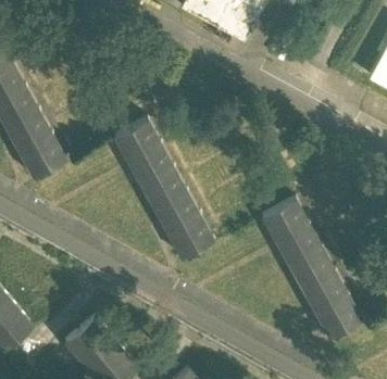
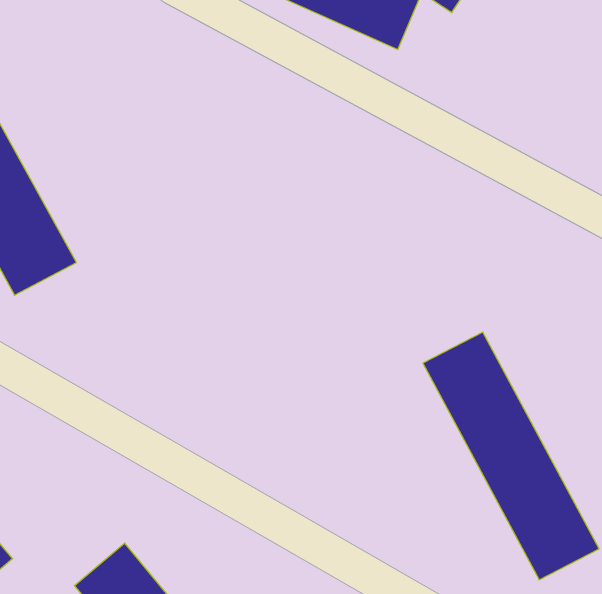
building: [114,118,215,258] -> none

